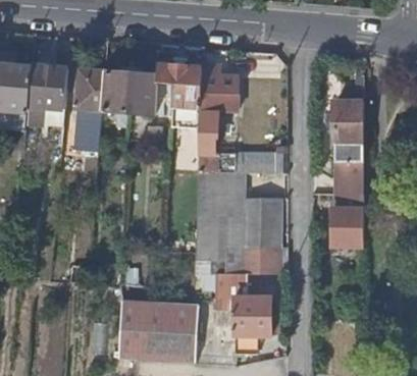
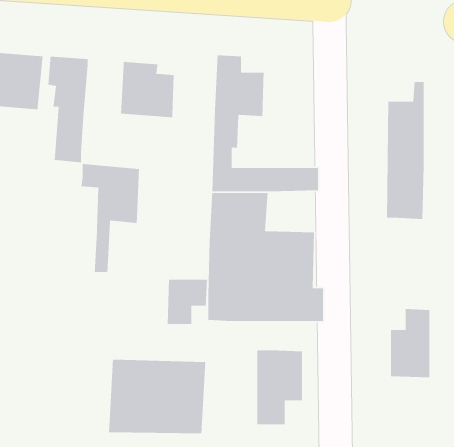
building: [158,62,204,147] -> [80,163,140,273]
building: [102,69,132,112] -> none
building: [332,193,363,247] -> [390,308,430,378]
building: [215,272,247,308] -> [167,279,208,325]

